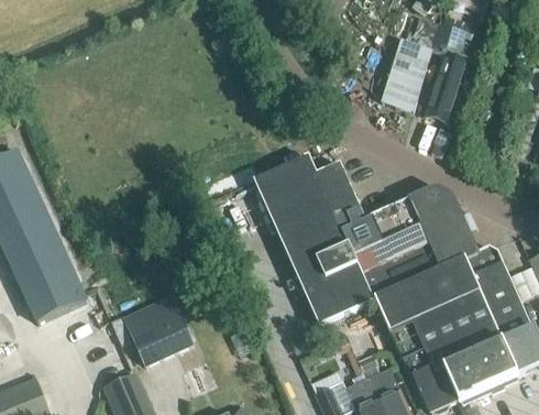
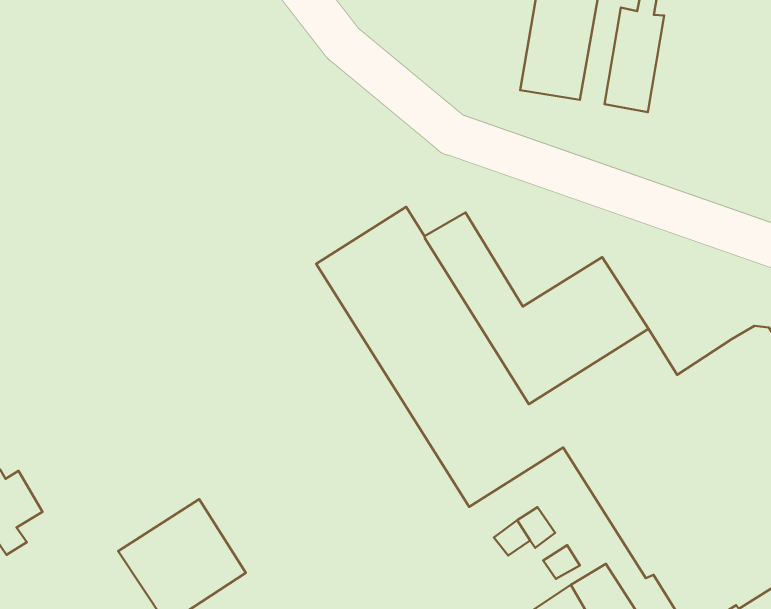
building: [411,187,476,269] -> none

